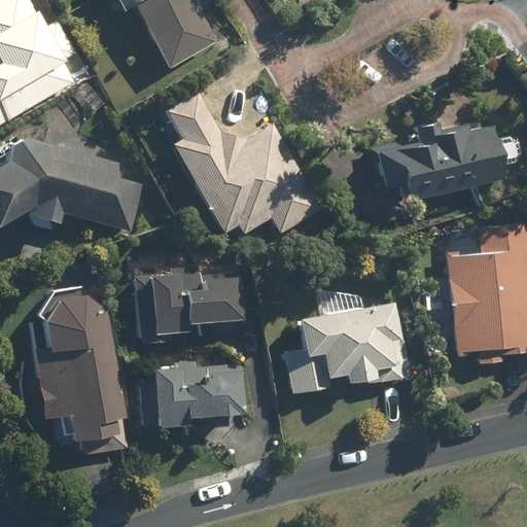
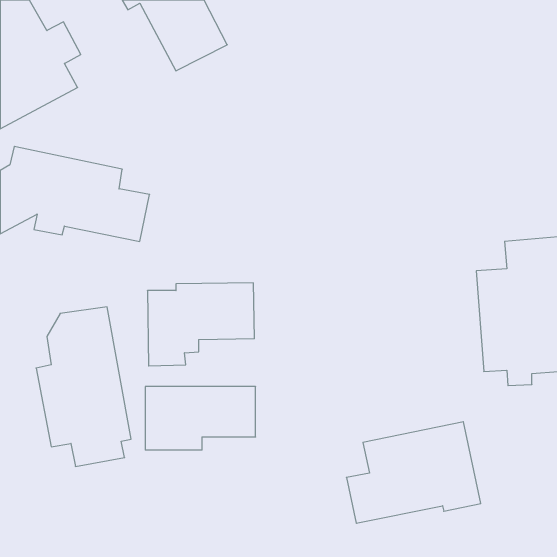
building: [150,92,319,237] -> none
building: [379,122,505,199] -> none
building: [283,297,410,393] -> [346,422,481,523]

